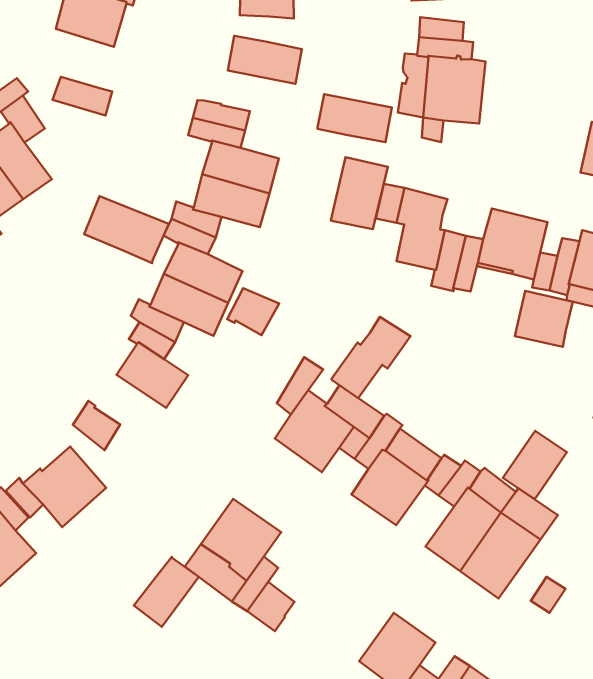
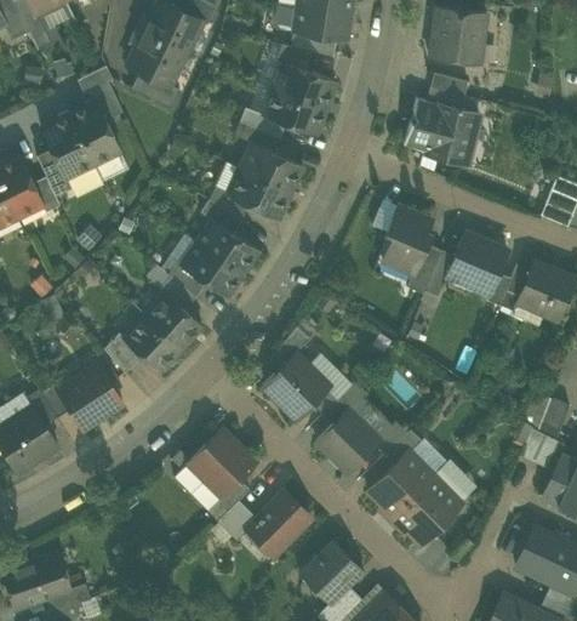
building: none -> [270,42,314,70]
building: none -> [127,33,187,86]
building: [317,94,392,142] -> [264,89,326,135]
building: [331,157,388,229] -> none
building: [84,196,169,263] -> none
building: [227,288,279,335] -> none
building: [515,291,573,347] -> none
building: [331,317,410,398] -> none
building: none -> [124,315,181,372]
building: [503,431,567,499] -> none
building: [134,557,199,627] -> none
building: none -> [247,491,310,554]

